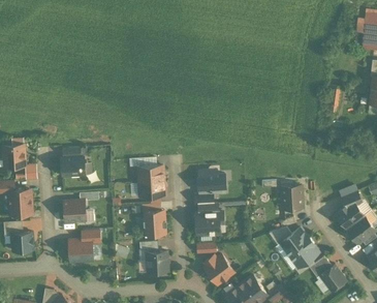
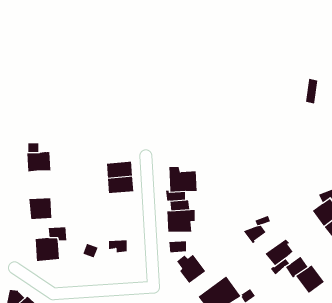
building: [281,186,303,210] -> none
building: [144,210,166,236] -> none
building: [280,229,310,254] -> none
building: [147,251,168,272] -> none

